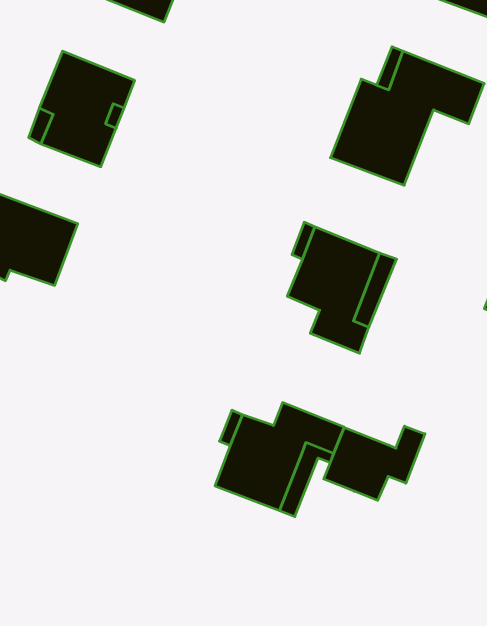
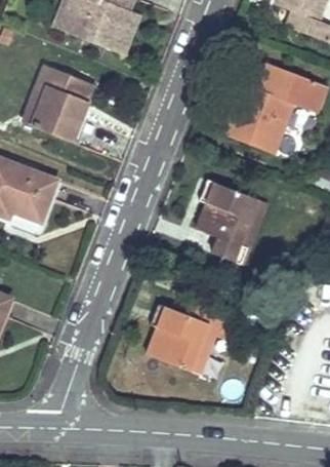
building: [324,426,425,500] -> none

